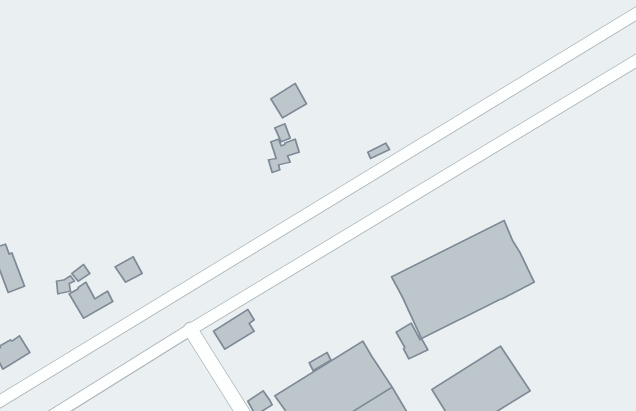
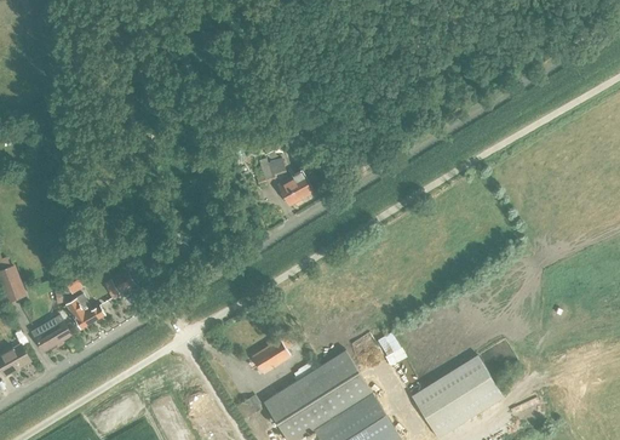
building: [271,83,307,118] -> [277,171,311,204]
building: [392,221,534,338] -> none
building: none -> [30,315,74,350]
building: [213,310,254,349] -> [252,336,291,373]

